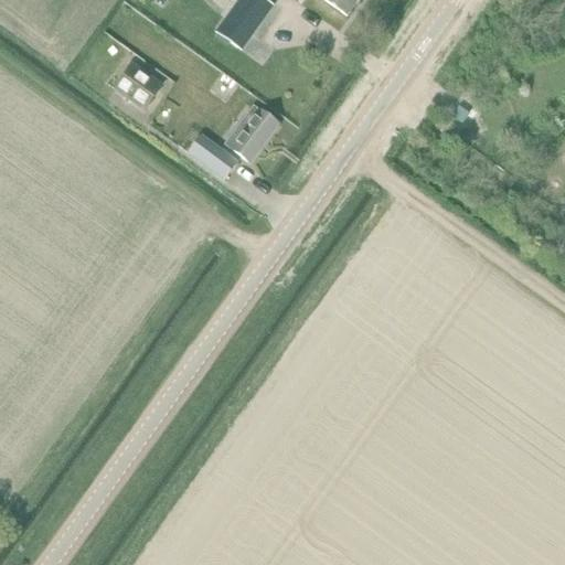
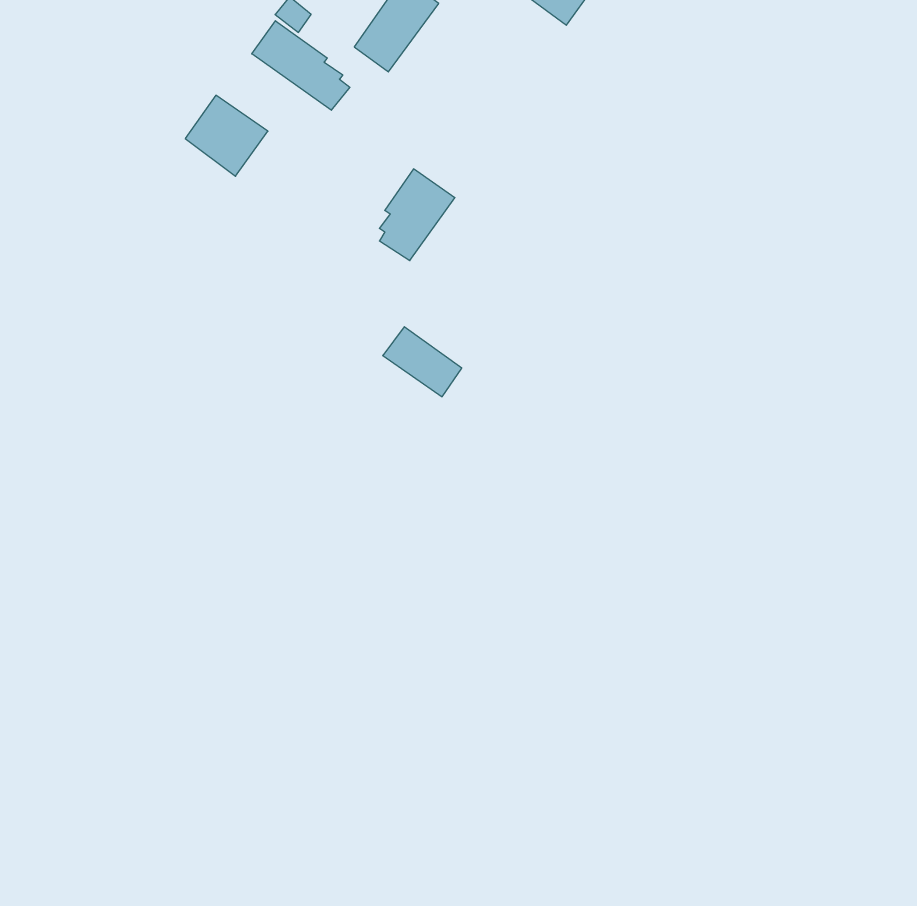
building: none -> [252,21,350,110]
building: [191,135,239,178] -> [383,327,462,397]

